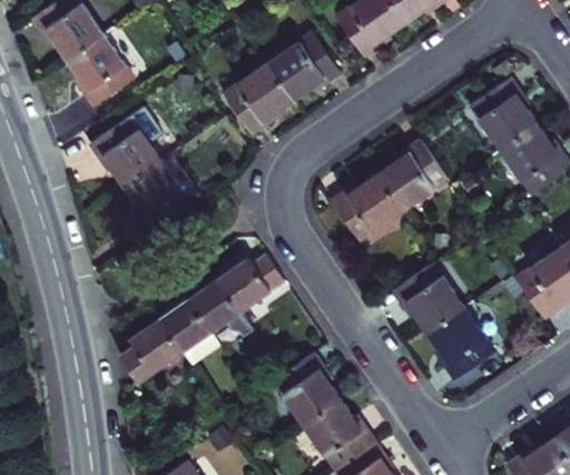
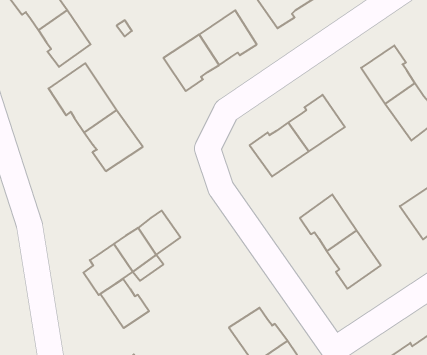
building: [222,259,288,316] -> none
building: [273,354,343,427] -> none
building: none -> [100,279,149,328]

